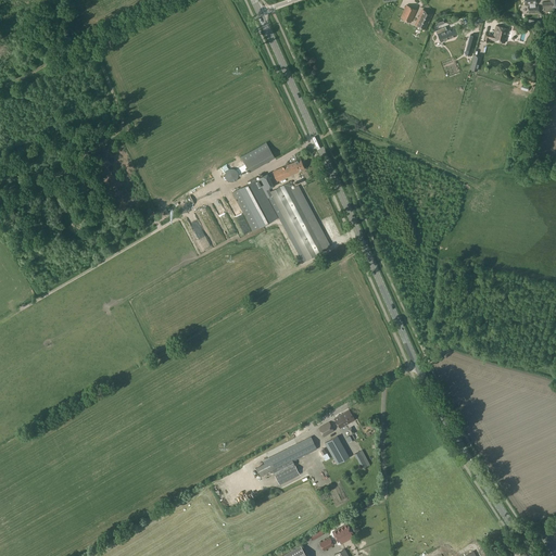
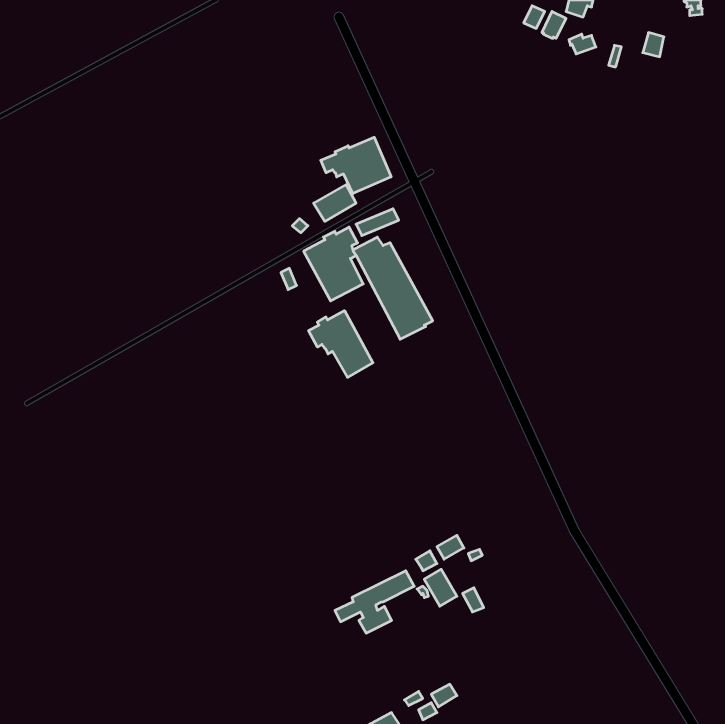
building: none -> [321,137,391,194]
building: none -> [309,311,373,377]

